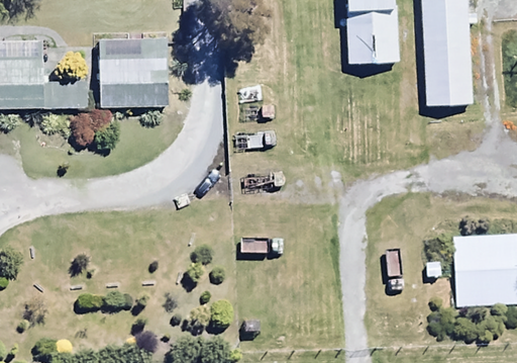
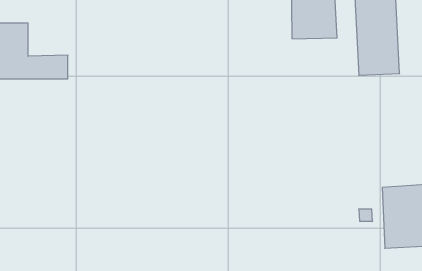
building: [97,38,166,108] -> none

